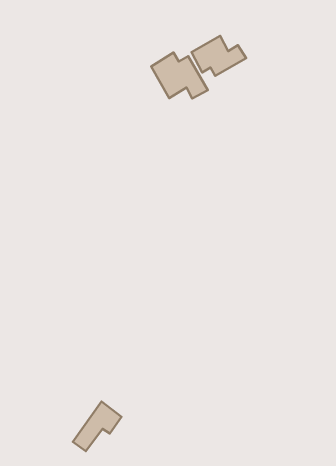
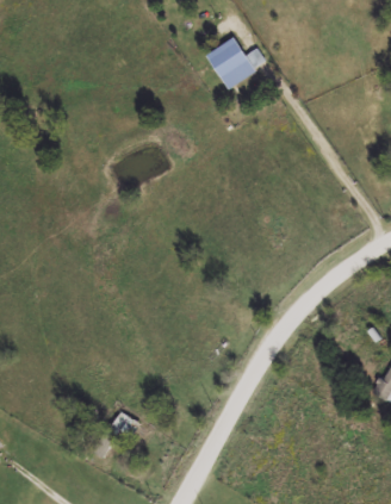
building: [151,53,208,98] -> none

